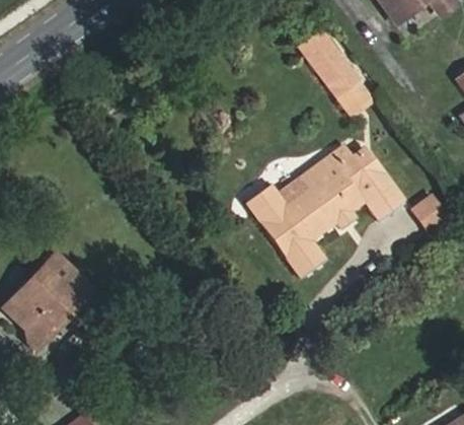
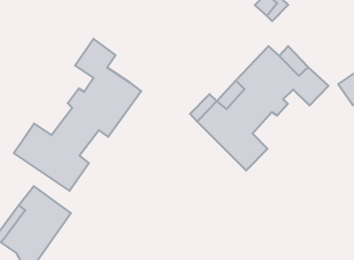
building: none -> [14,39,141,191]

